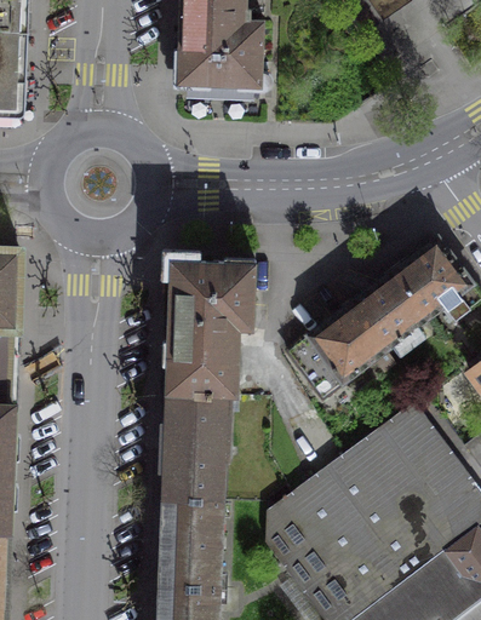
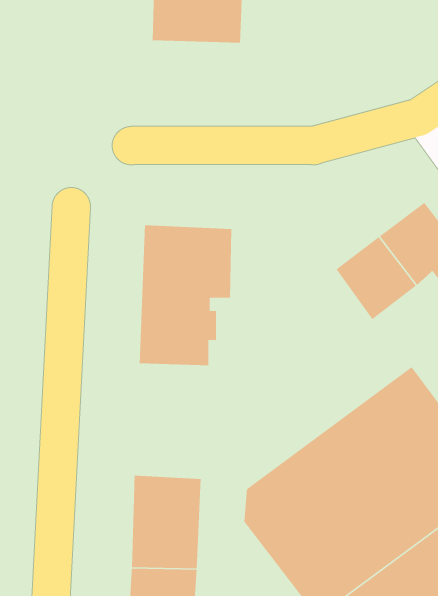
building: [287,302,386,397] -> none
building: [160,391,231,500] -> none

